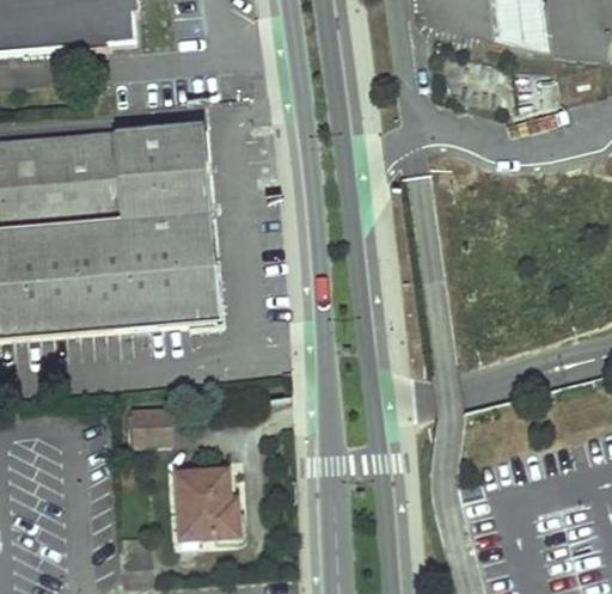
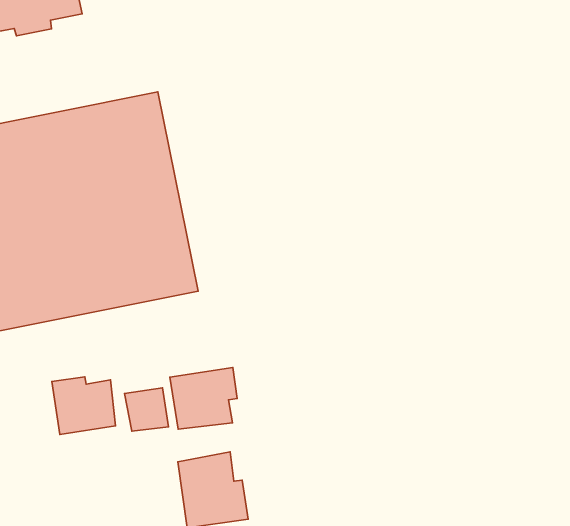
building: none -> [52,377,115,435]
building: none -> [170,368,237,429]

